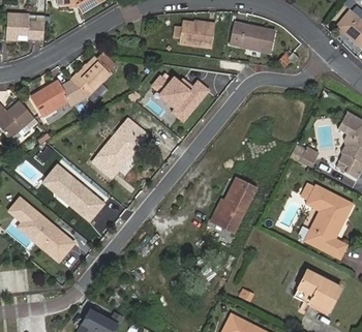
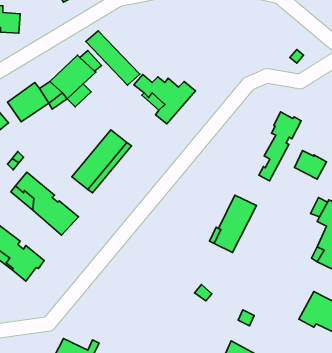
building: [180,18,214,42] -> none
building: [232,23,275,48] -> none
building: none -> [86,31,140,85]
building: none -> [259,112,301,181]

